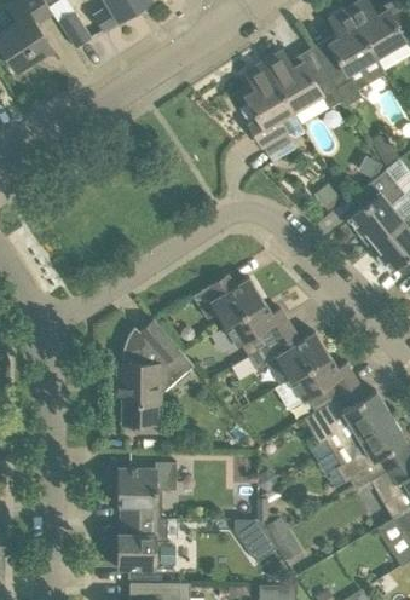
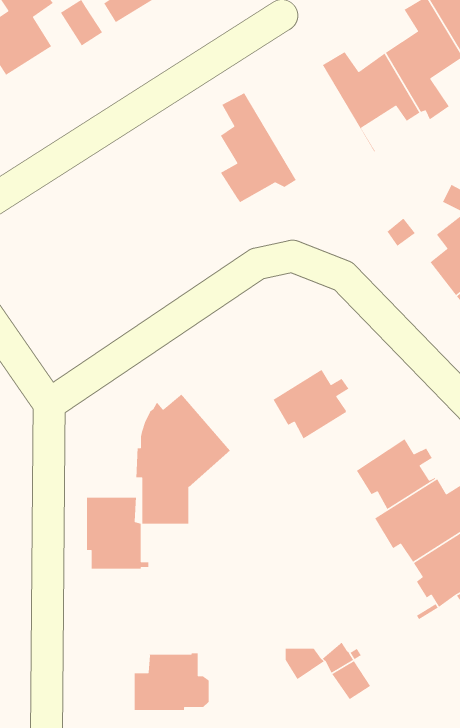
building: [244,64,305,151] -> [220,92,297,203]
building: [192,276,264,327] -> none
building: [249,331,329,385] -> none
building: [117,469,167,526] -> [86,497,149,569]

